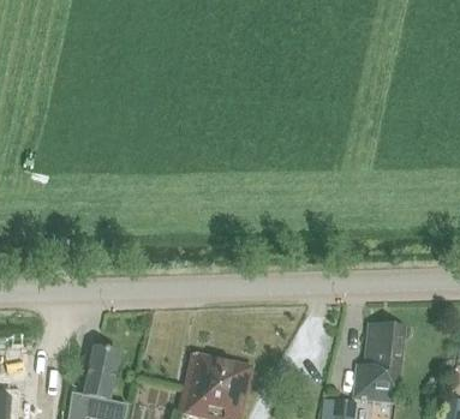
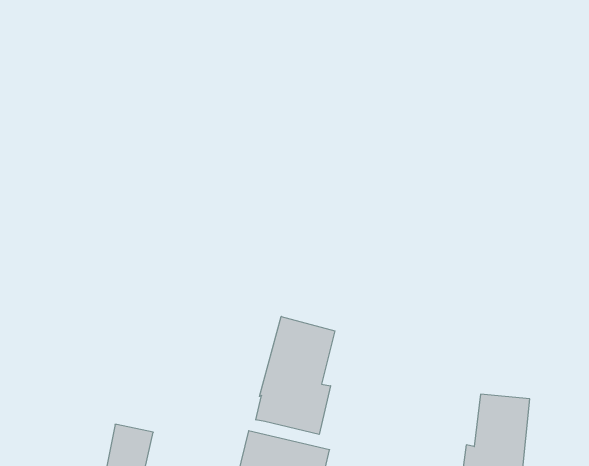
building: none -> [256,316,335,434]

